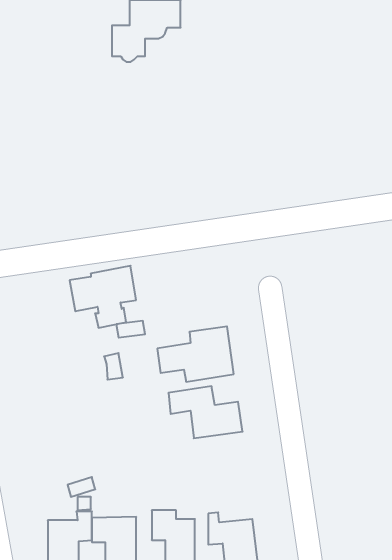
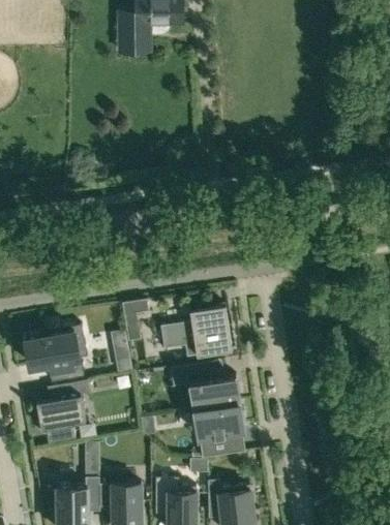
building: [70,266,136,328] -> [25,326,87,383]
building: none -> [36,381,90,441]
building: none -> [194,404,244,459]

